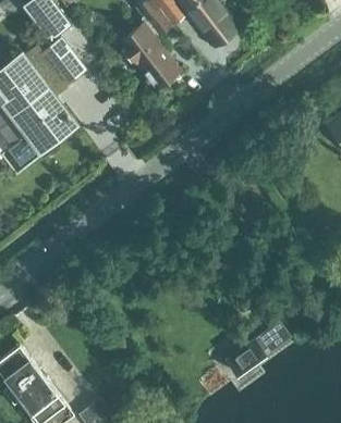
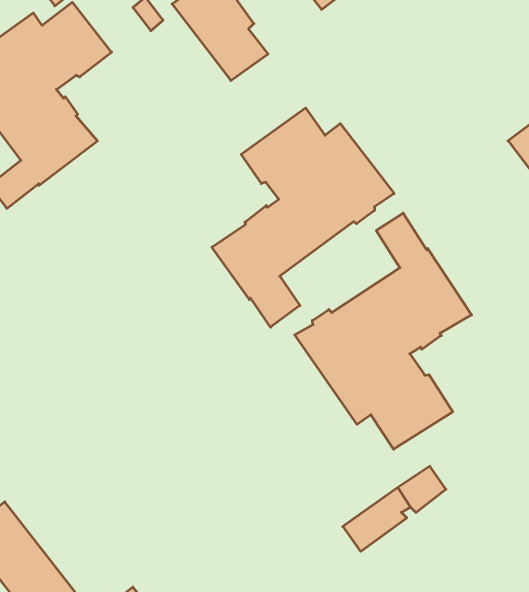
building: none -> [212,108,394,327]
building: none -> [295,213,472,449]

